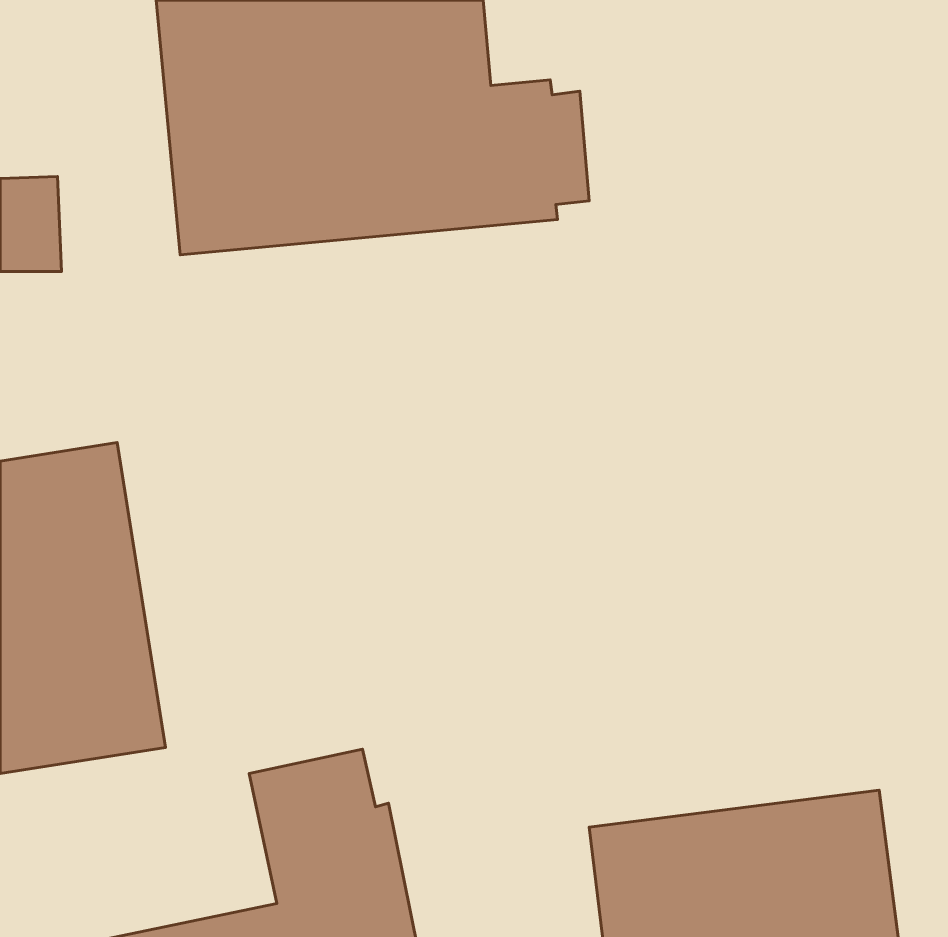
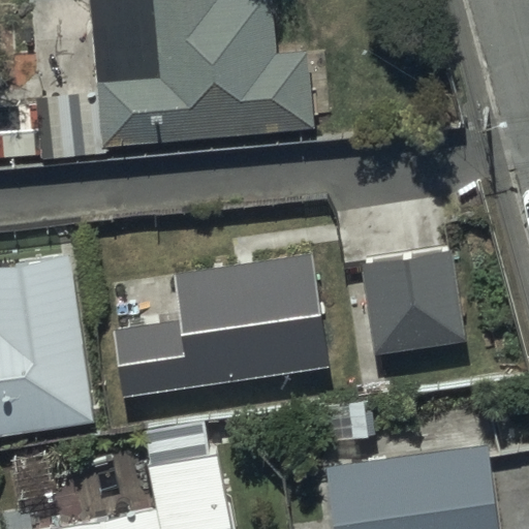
building: none -> [112,252,329,395]
building: none -> [360,252,462,354]

